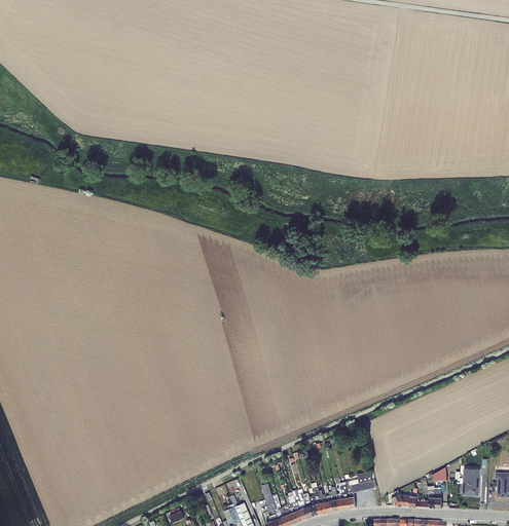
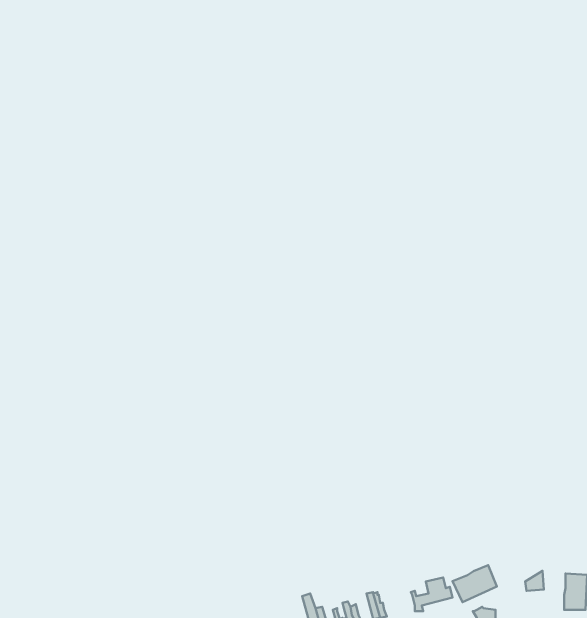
building: none -> [453,565,497,602]

